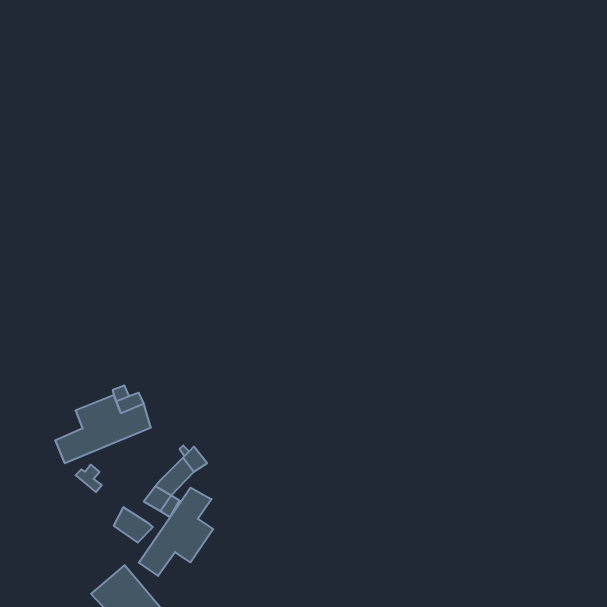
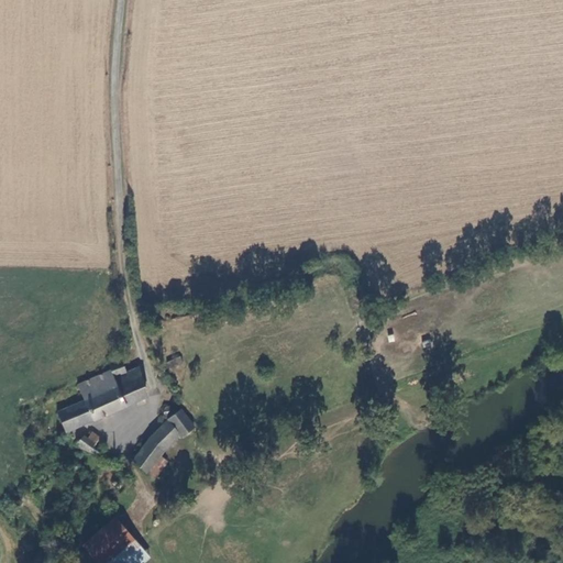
building: [139,488,213,576] -> none
building: [114,507,153,543] -> none

